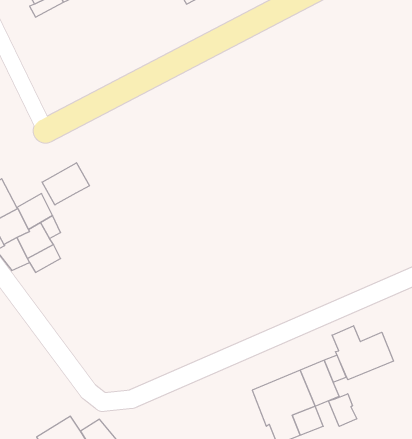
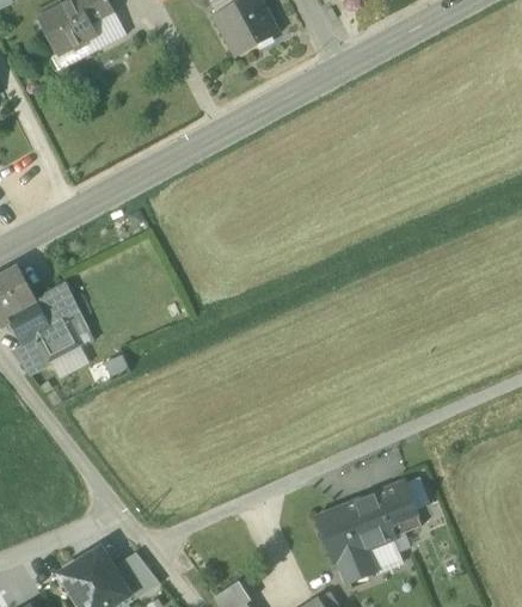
building: [42,163,89,205] -> none
building: [332,326,394,380] -> none
building: [329,394,357,426] -> none

